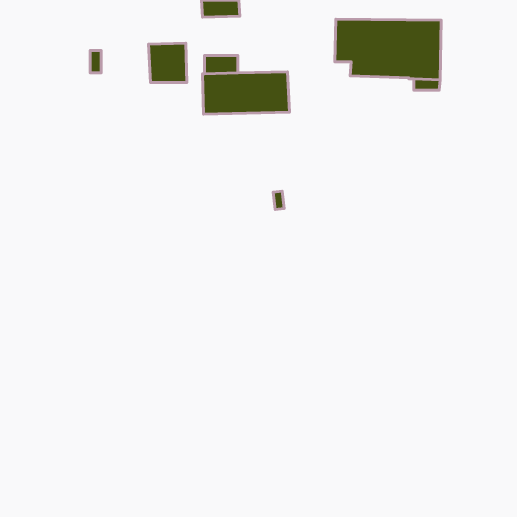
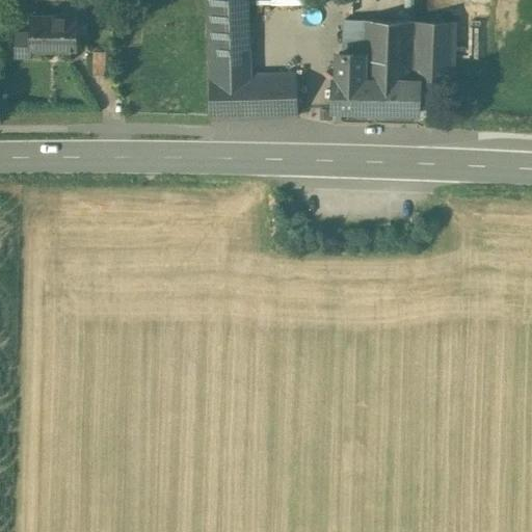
building: none -> [17,16,74,51]
building: [148,43,187,83] -> [208,17,247,57]
building: none -> [332,78,420,112]

